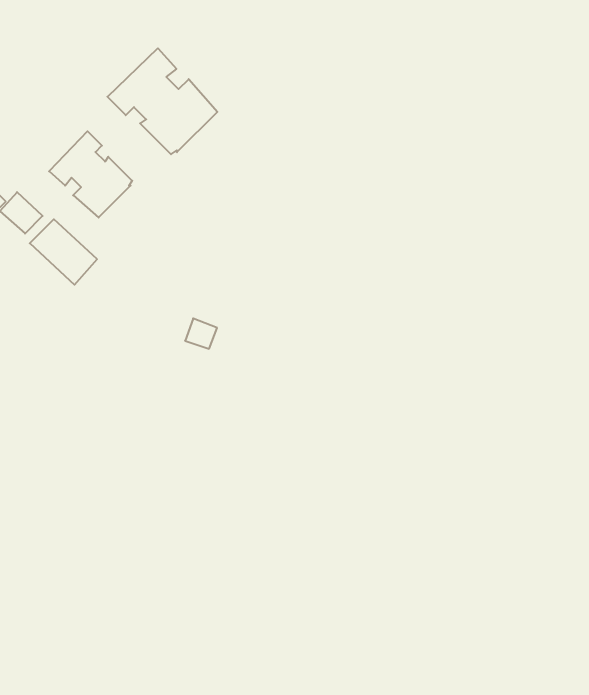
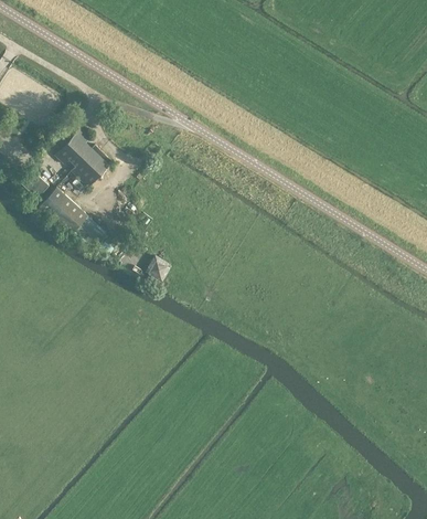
building: [107,48,217,154] -> none

